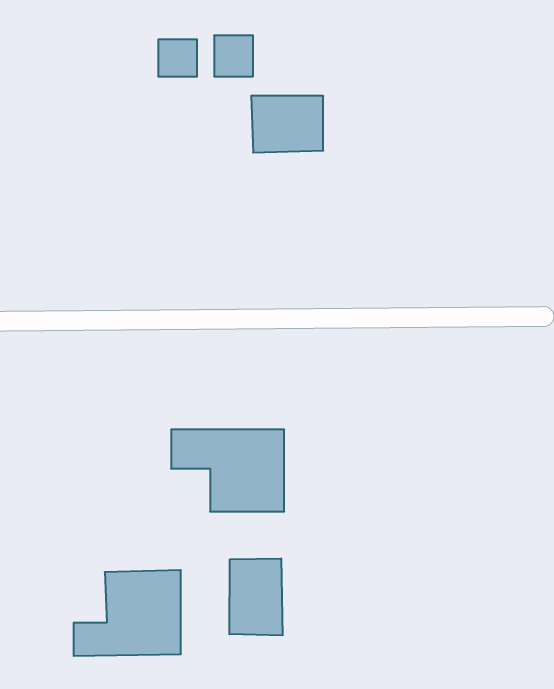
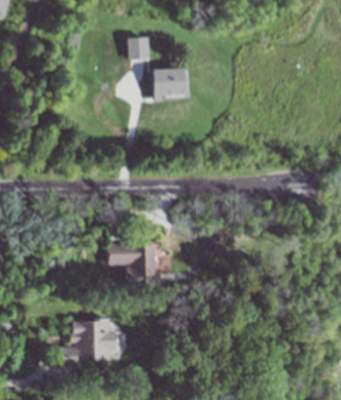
building: [158,39,197,77] -> none
building: [229,558,283,635] -> none

